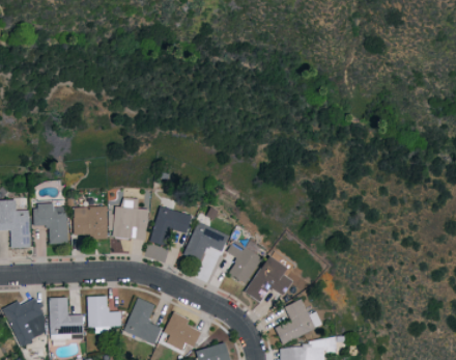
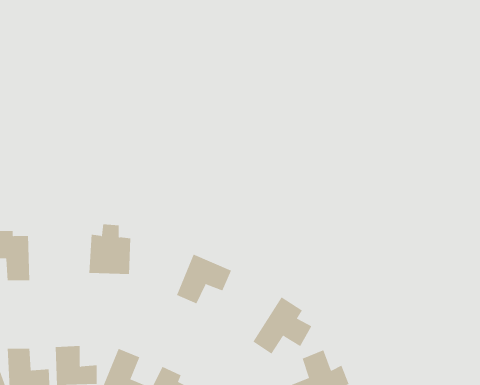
building: [74,206,108,240] -> none
building: [150,206,193,246] -> none
building: [228,241,262,284] -> none

